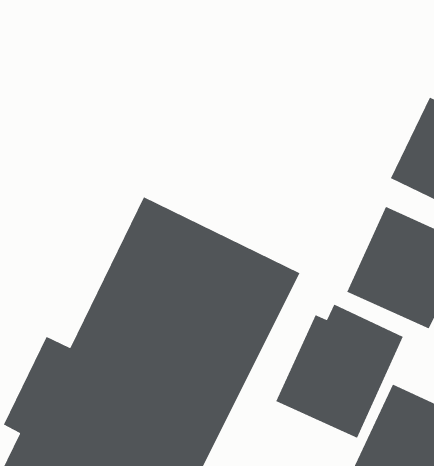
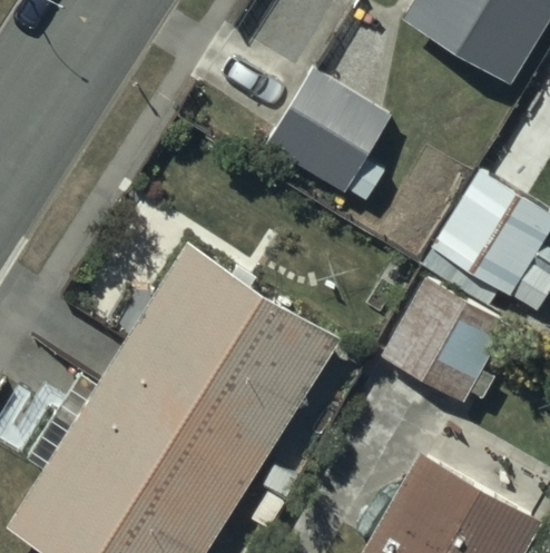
building: none -> [267,69,392,203]
building: [275,303,404,439] -> none

